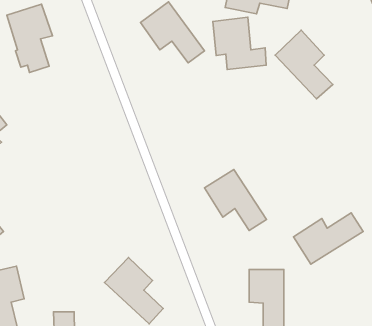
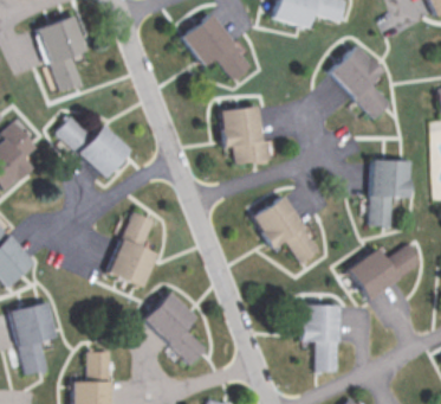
building: [213,17,266,70] -> [219,105,277,162]
building: none -> [54,116,129,178]
building: none -> [370,159,410,226]
building: none -> [108,211,155,287]

